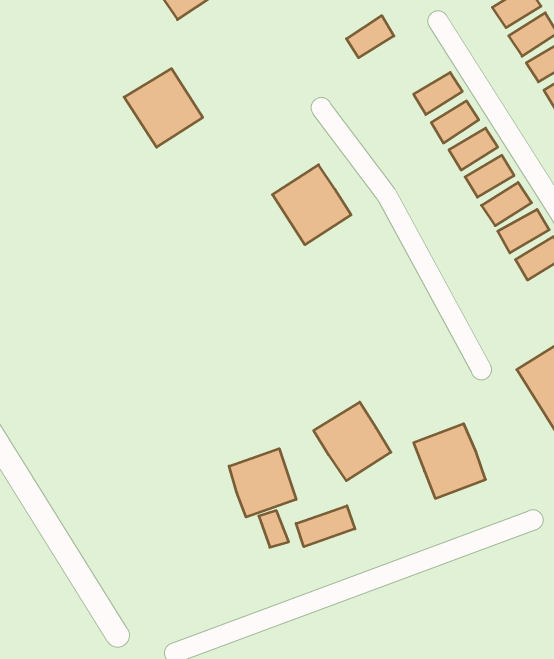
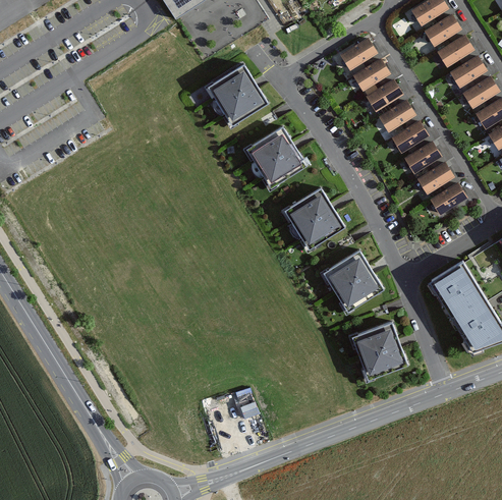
building: [346,16,394,58] -> [340,37,376,68]
building: [124,69,203,147] -> [208,65,267,124]
building: none -> [285,188,343,247]
building: [314,402,391,481] -> [324,251,382,310]
building: [229,449,296,517] -> none
building: [296,506,355,547] -> none

